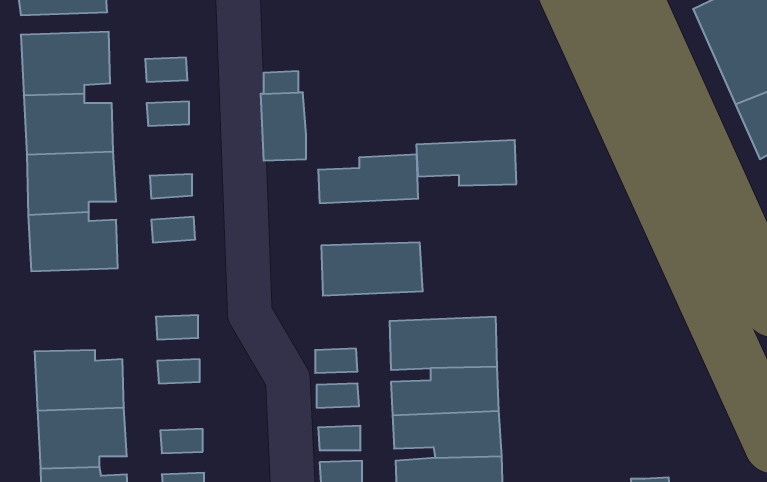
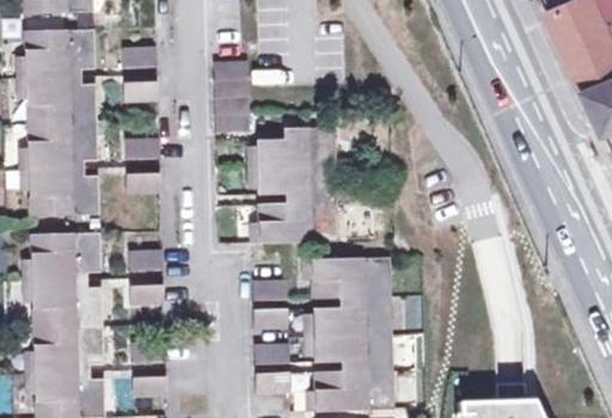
building: [416,140,516,186] -> [253,162,332,198]
building: none -> [27,234,98,283]

